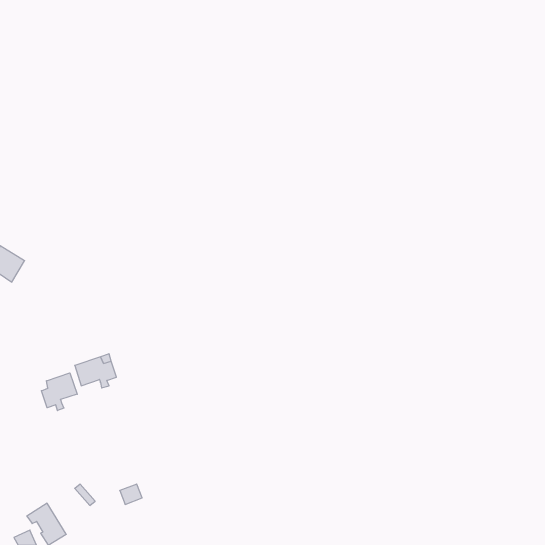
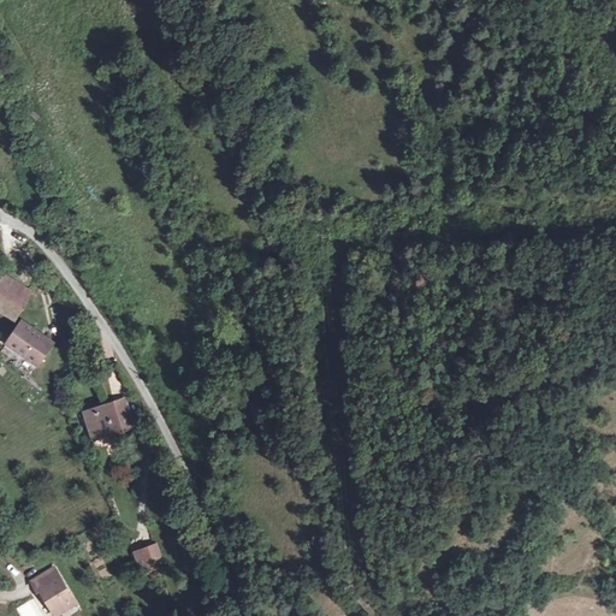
building: none -> [6,320,52,363]
building: [41,373,77,411] -> none

